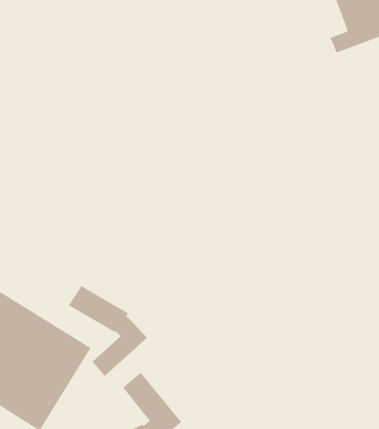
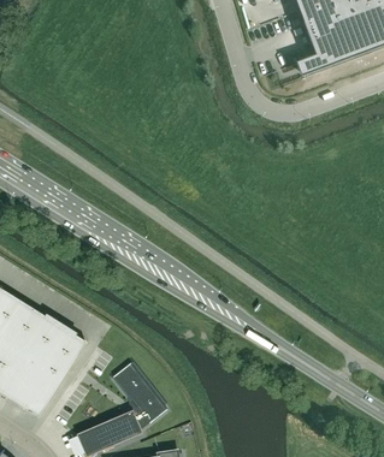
building: [68,285,148,377] -> none

